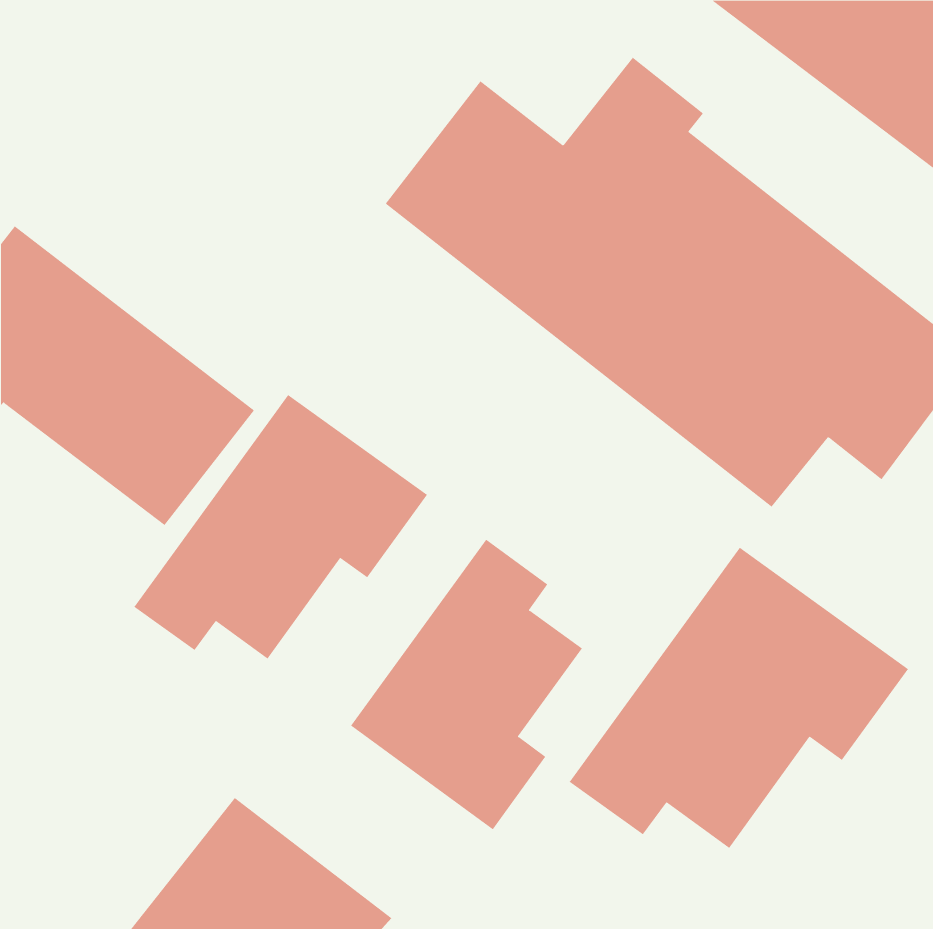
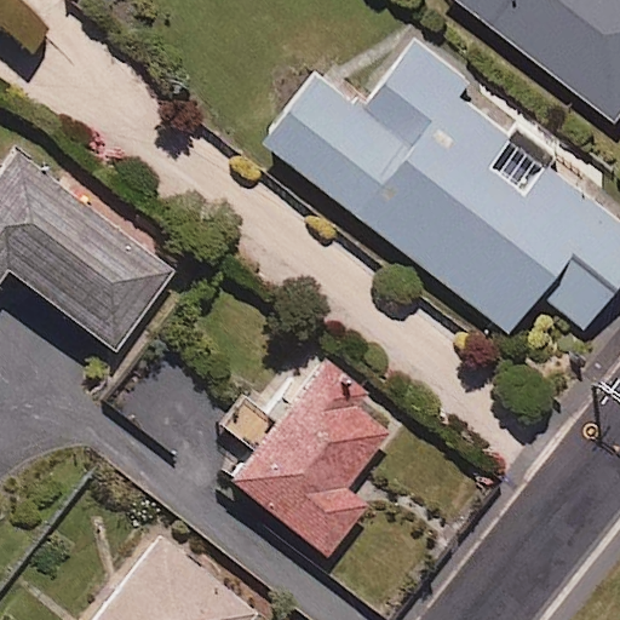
building: [134,394,428,659] -> none
building: [569,547,909,849] -> none

